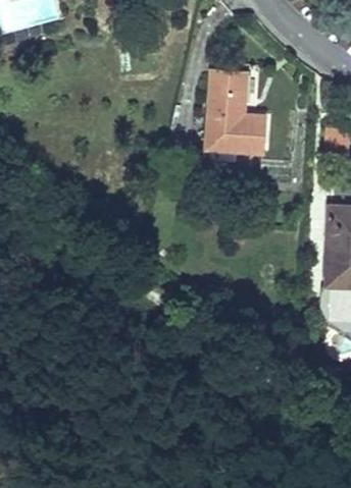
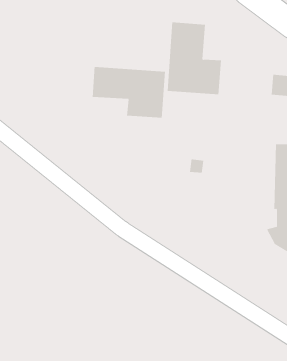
building: none -> [92,66,165,118]

